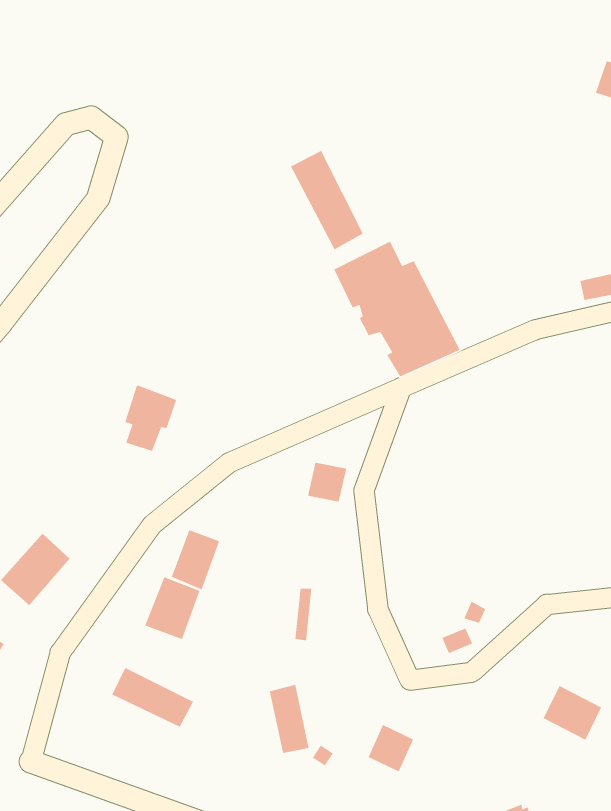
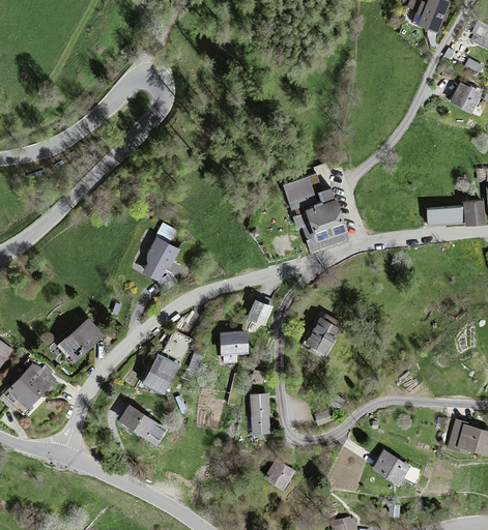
building: [290,150,364,250] -> none
building: none -> [305,317,338,352]
building: none -> [220,330,248,353]
building: [269,684,310,754] -> [251,392,270,433]

